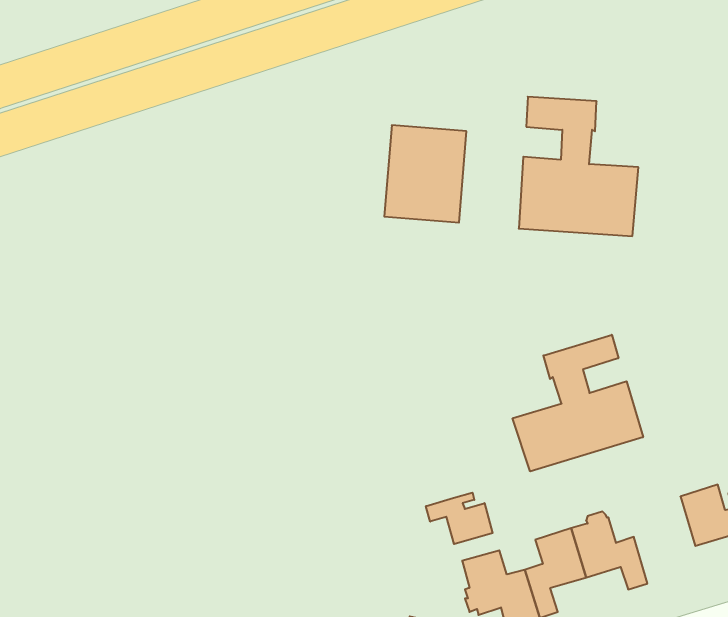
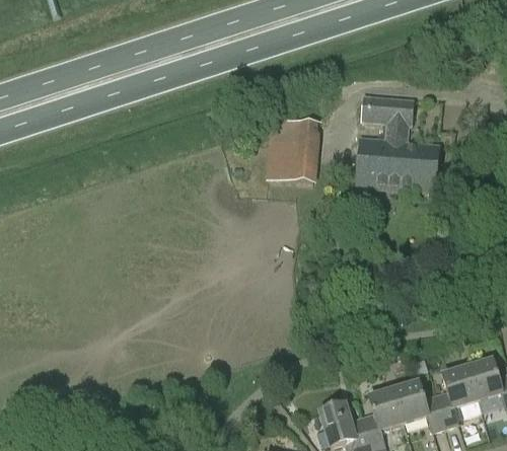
building: [513,335,643,471] -> none
building: [426,493,493,544] -> none
building: none -> [435,368,480,427]

